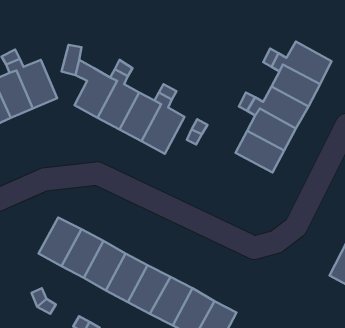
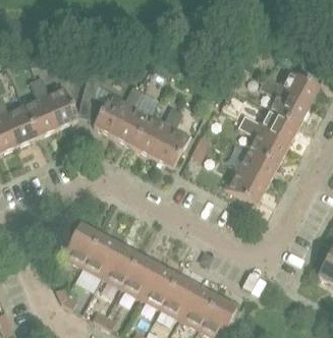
building: none -> [224,167,268,205]

